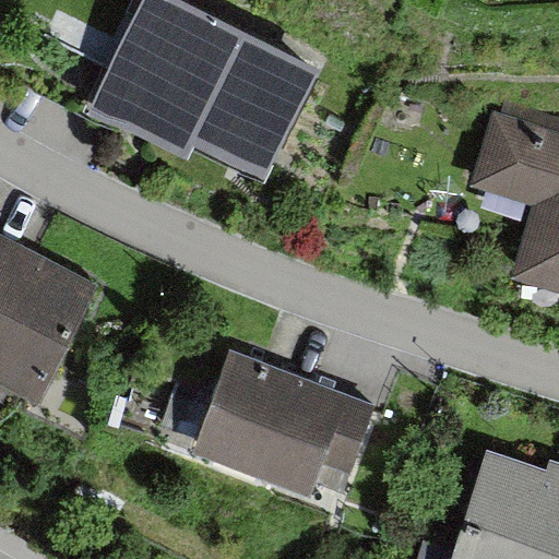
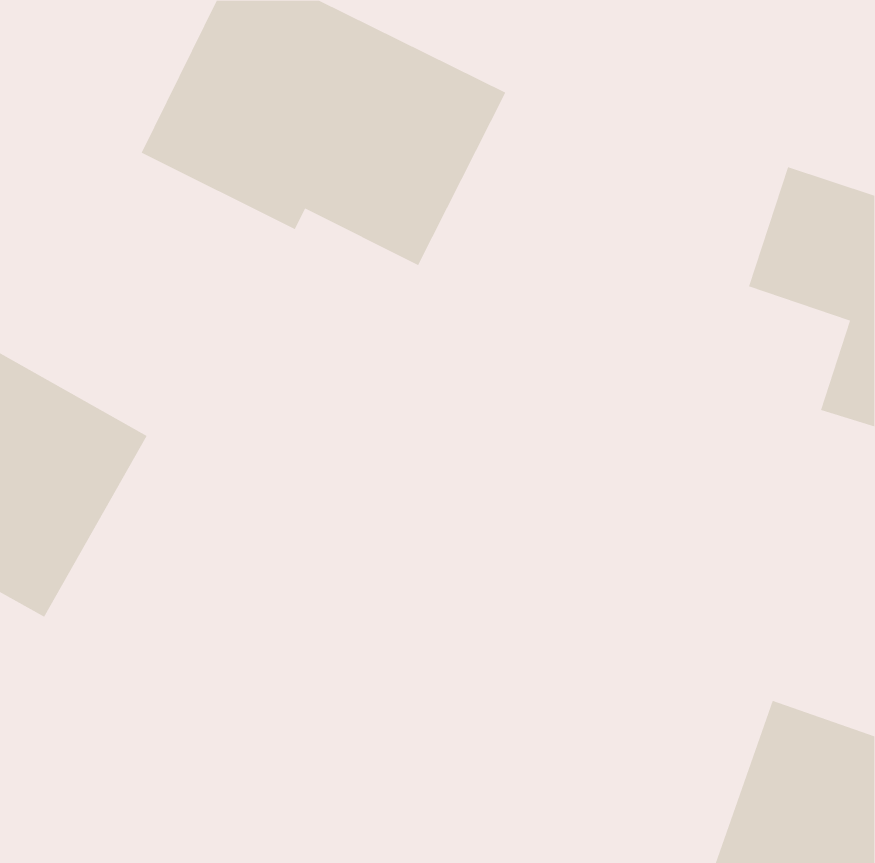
building: [195,355,372,489] -> none

